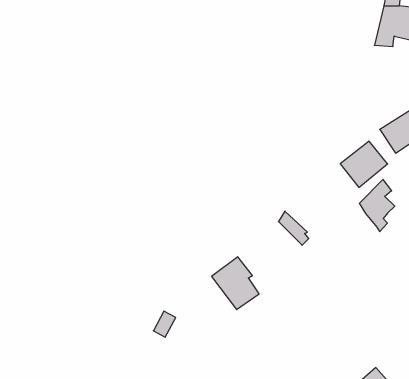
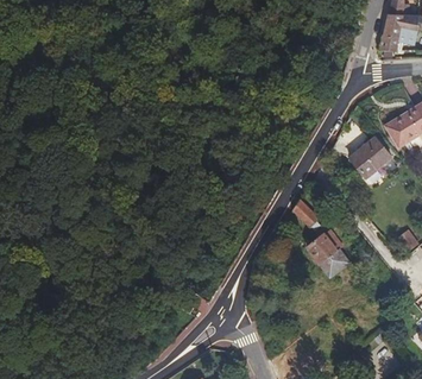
building: [359,179,395,232] -> none
building: [212,257,259,310] -> [306,229,348,277]

